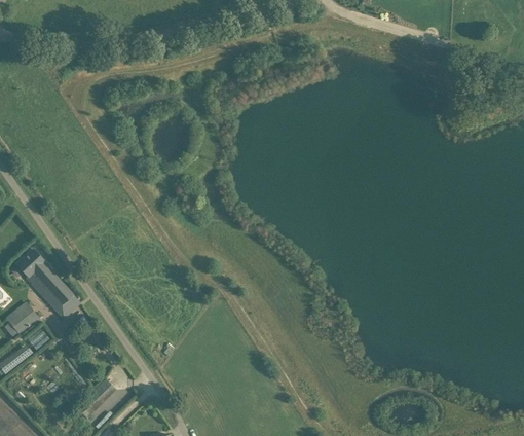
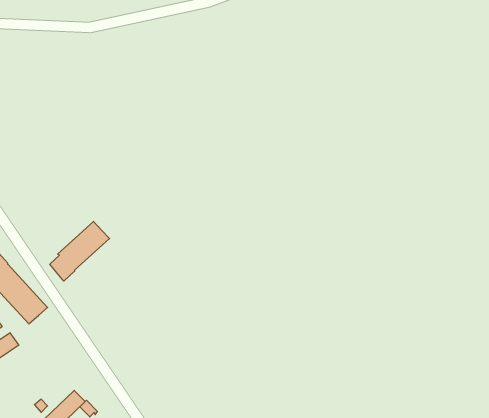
building: none -> [50,221,110,281]

